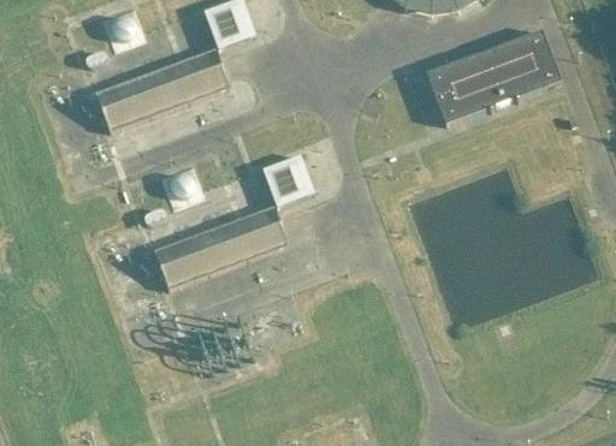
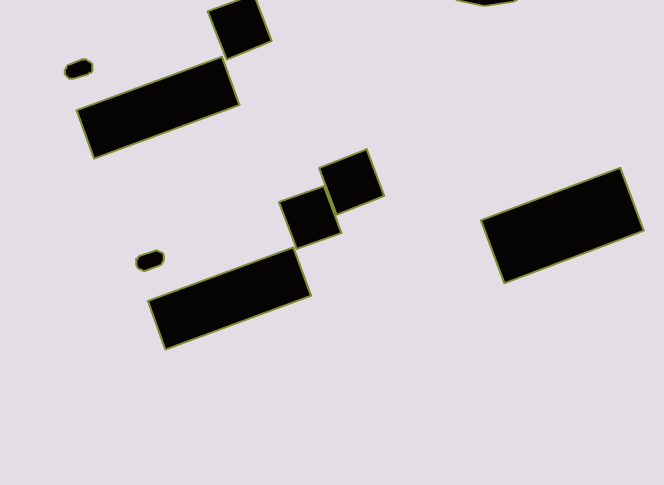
building: [427,30,562,125] -> [481,168,644,283]
building: none -> [319,149,384,215]

